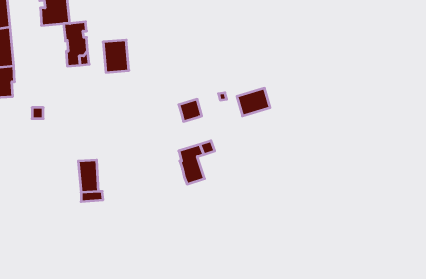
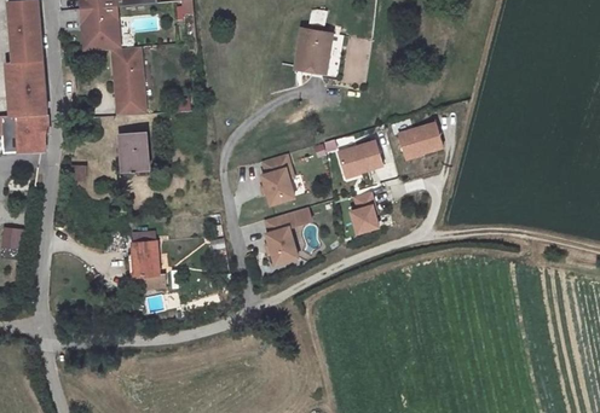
building: none -> [295,30,330,72]
building: [103,40,129,72] -> [116,130,150,173]
building: none -> [399,122,443,158]
building: none -> [260,174,295,205]
building: none -> [350,192,381,234]

